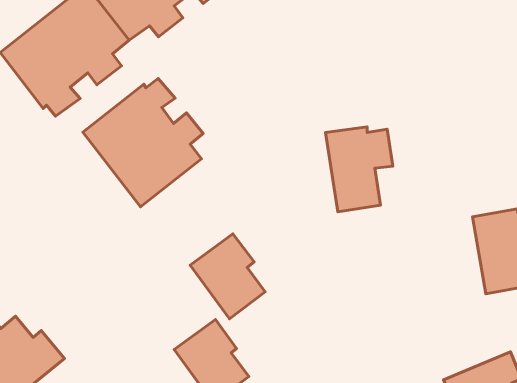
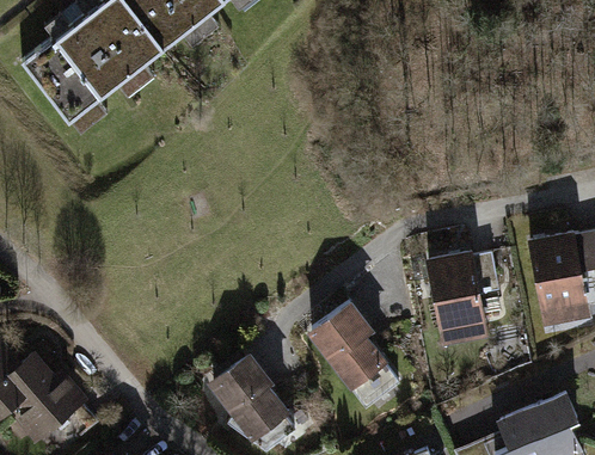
building: [83,78,203,207] -> none
building: [326,127,393,212] -> [428,253,499,344]
building: [190,234,265,319] -> [306,300,386,391]

